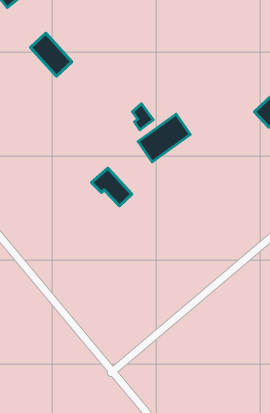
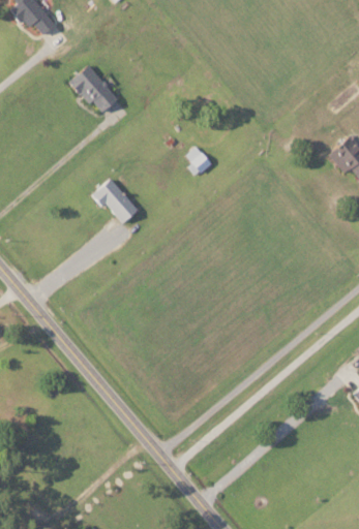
building: [138,114,190,162] -> none
building: [92,168,132,206] -> [92,180,139,223]

